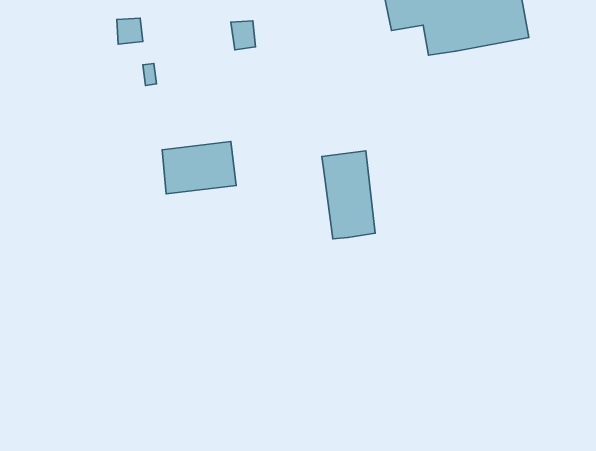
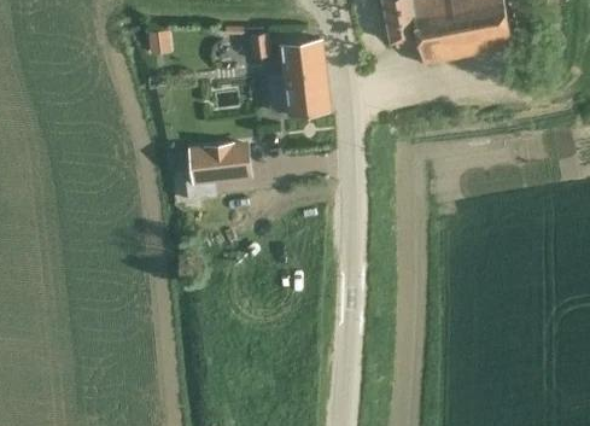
building: [322,151,375,239] -> [281,39,328,116]

